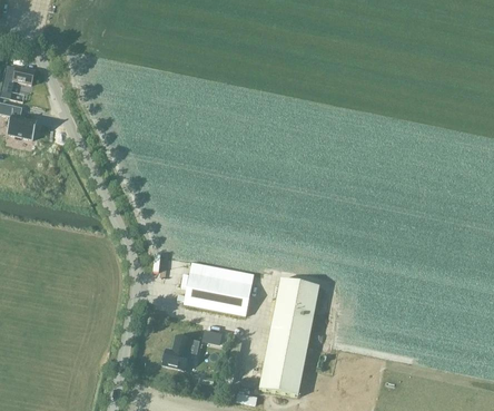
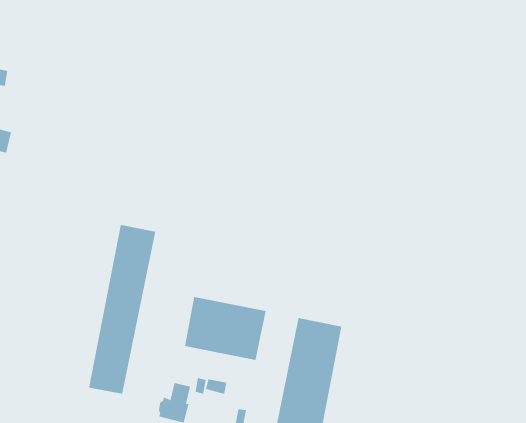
building: none -> [88,224,156,395]

